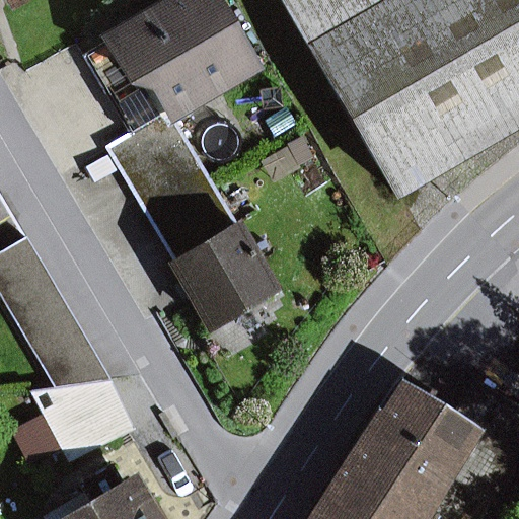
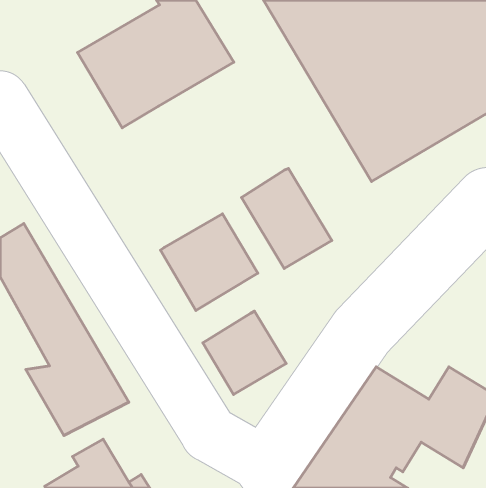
building: [109,113,238,263] -> none
building: none -> [241,168,332,269]
building: none -> [203,311,286,395]

